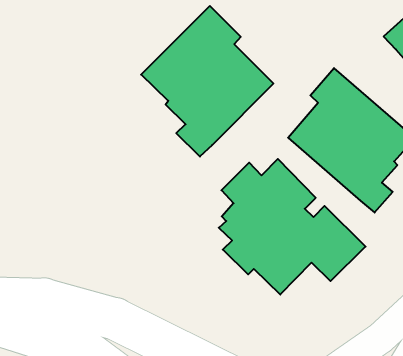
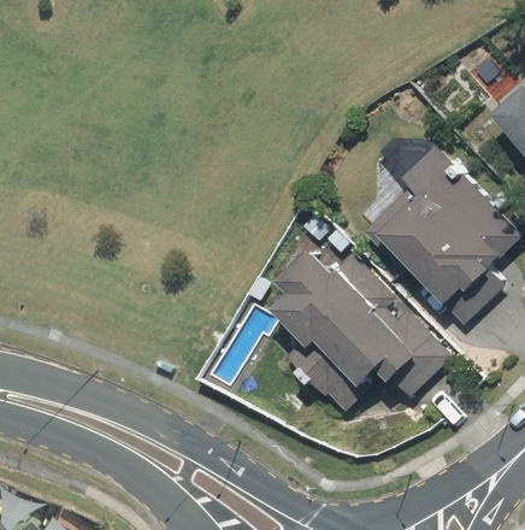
building: [141,6,273,157] -> none

